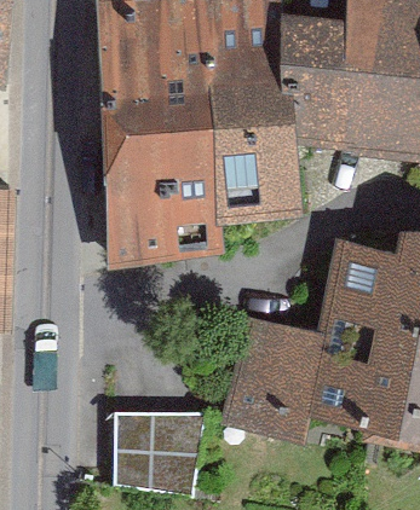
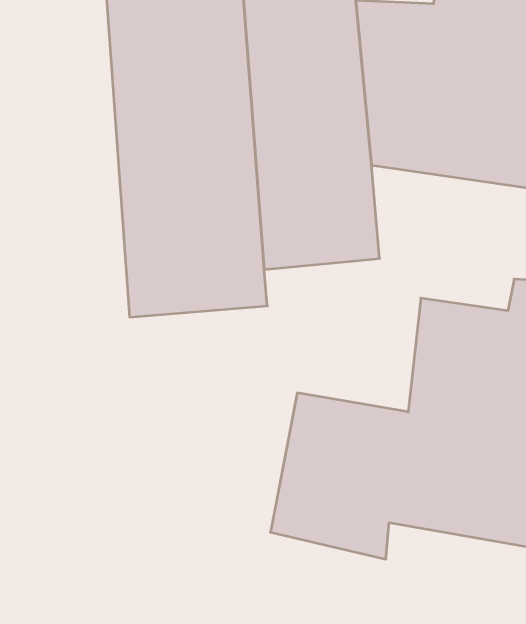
building: [116,404,201,480] -> none

